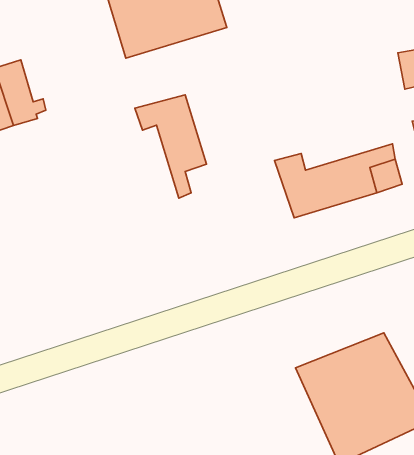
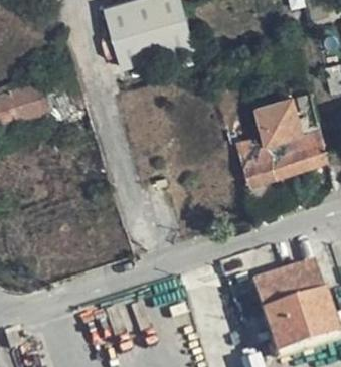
building: none -> [255,96,315,143]
building: [135,95,206,198] -> none

